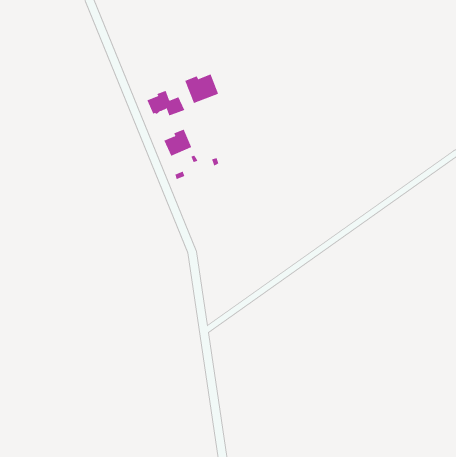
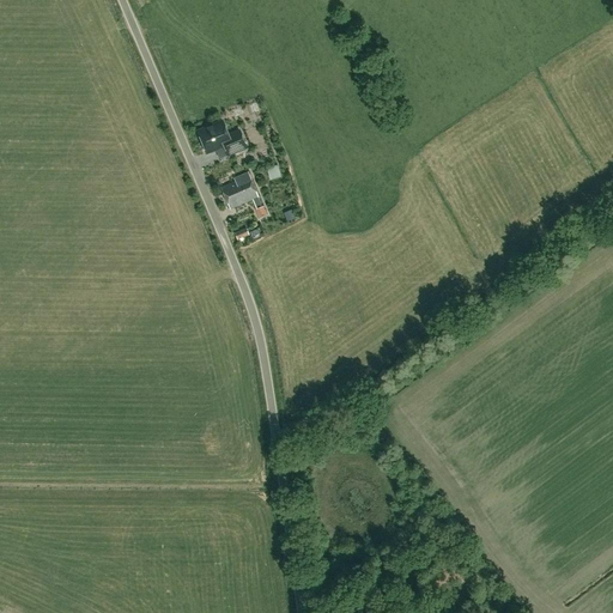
building: [185,74,219,104] -> none

